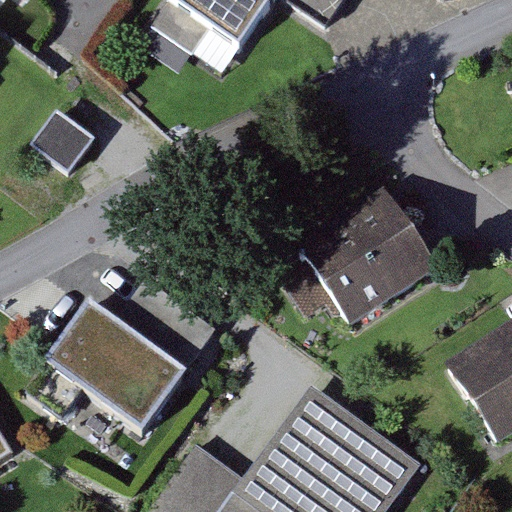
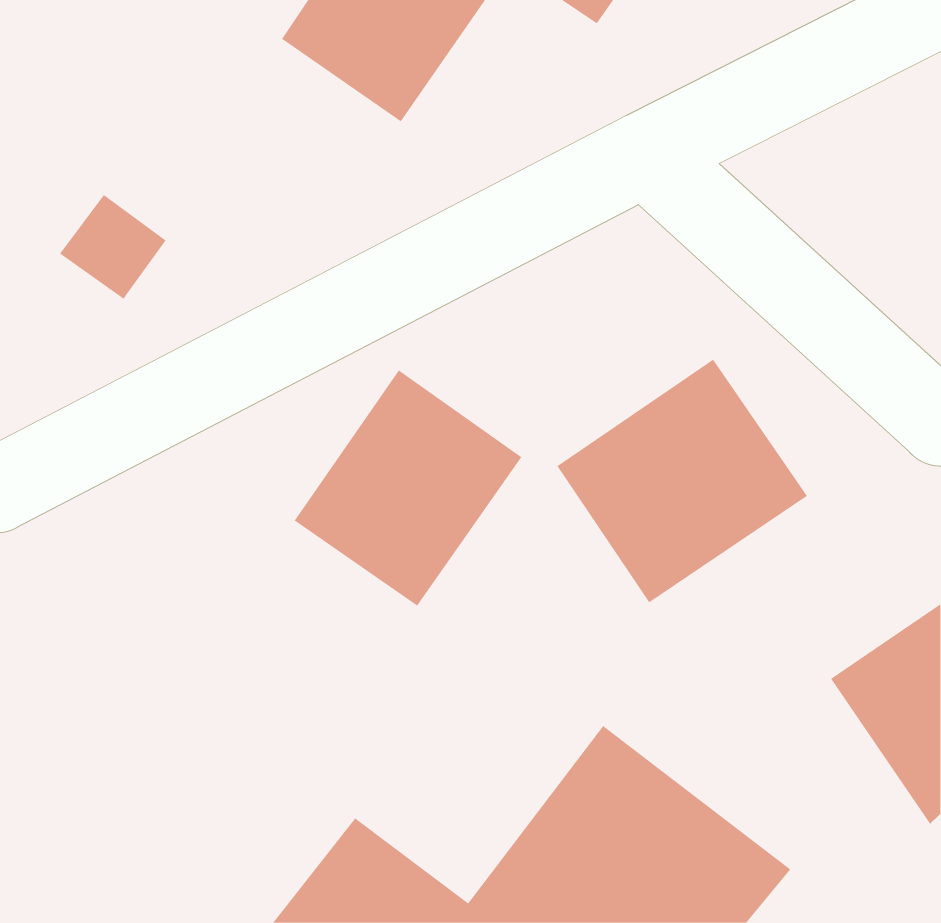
building: none -> [294,369,522,607]
building: [59,311,198,438] -> none

